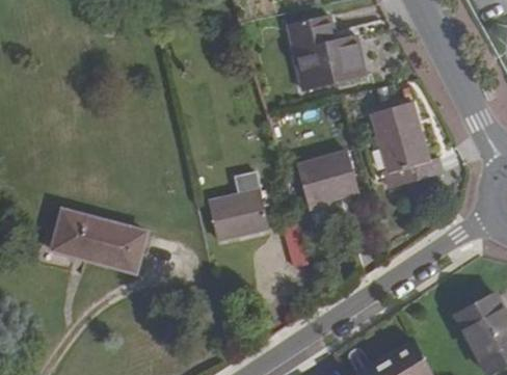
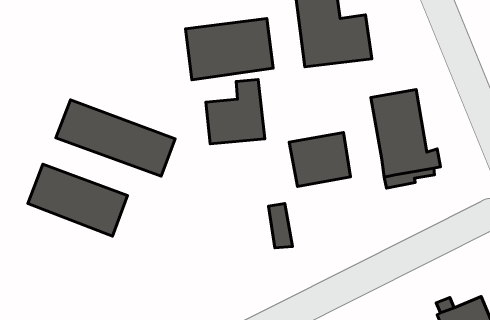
building: none -> [185,19,273,80]
building: none -> [56,100,175,176]
building: [208,172,268,239] -> [206,80,265,144]

